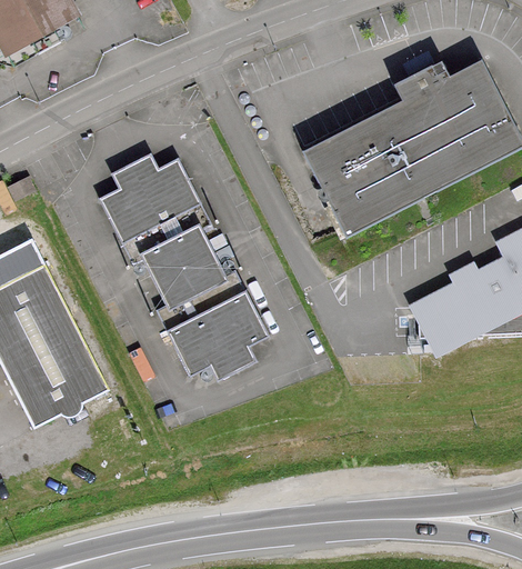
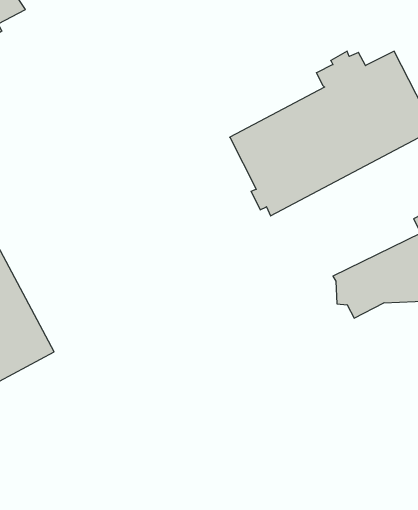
building: [101,152,270,378] -> none

